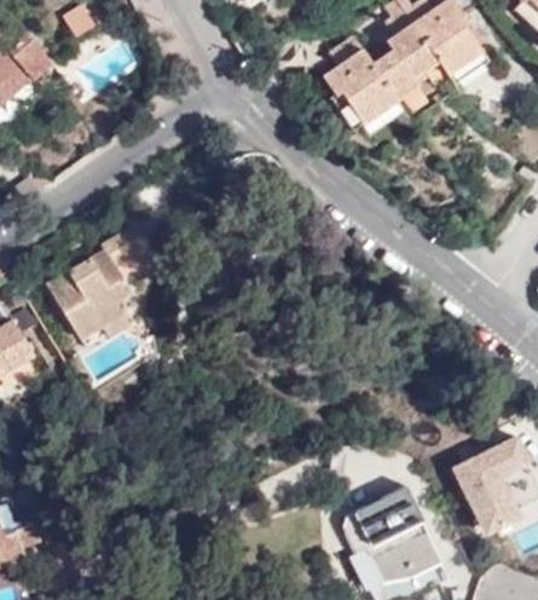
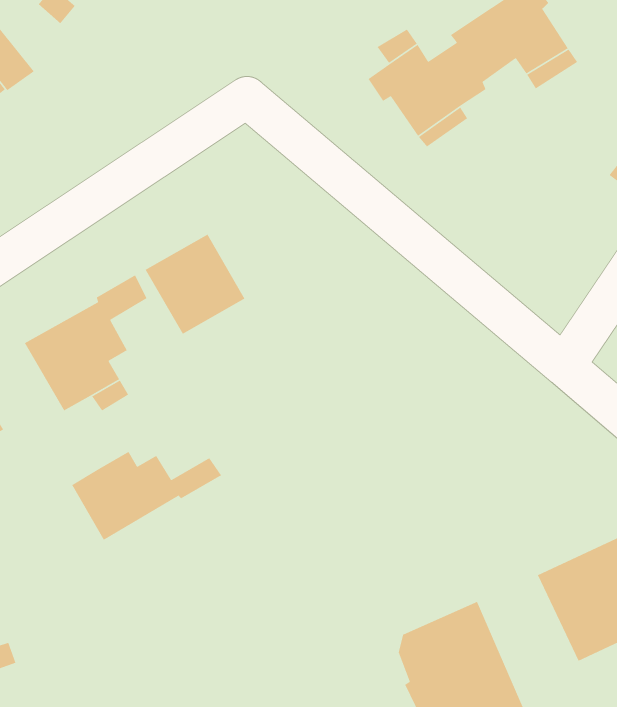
building: none -> [145,234,246,335]
building: none -> [71,451,222,541]

